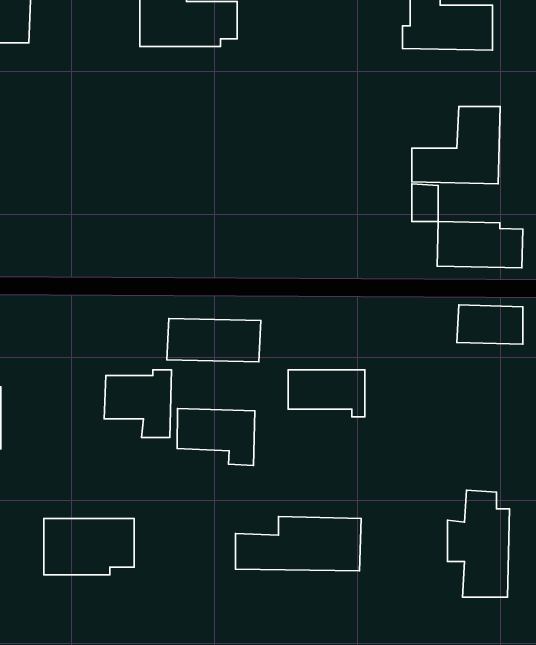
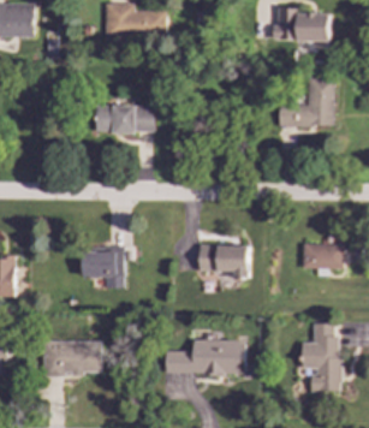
building: [437,221,523,268] -> none
building: [457,305,523,344] -> [302,243,344,268]
building: [167,319,261,362] -> [95,105,155,132]
building: [177,409,255,465] -> none

